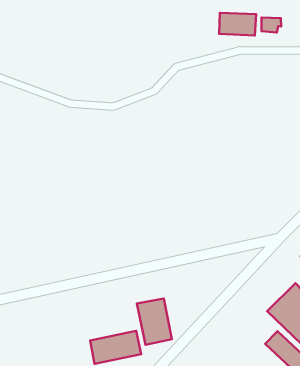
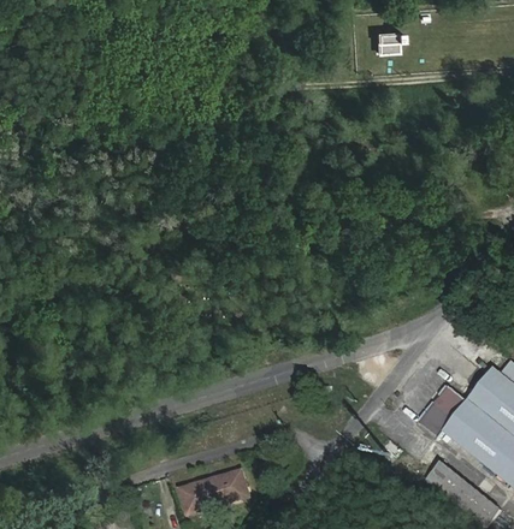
building: [219,13,256,36] -> none
building: [137,298,172,345] -> none

